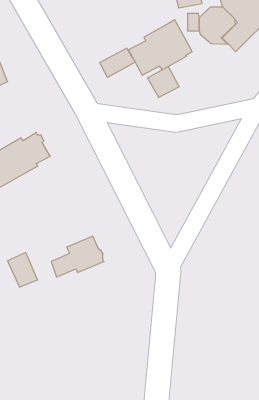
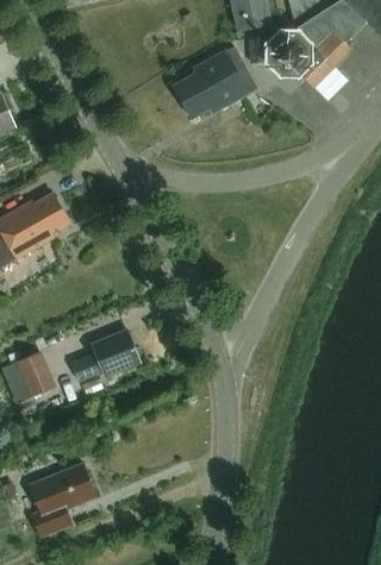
building: [100,48,135,77] -> none
building: [147,66,179,98] -> none
building: none -> [27,462,95,536]

